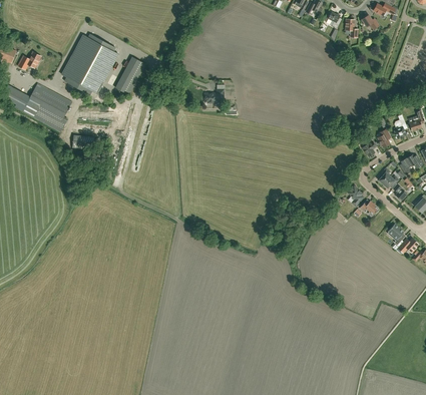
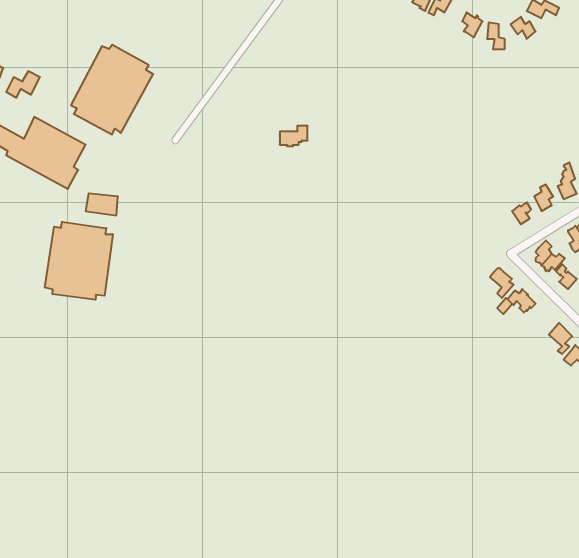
building: [115,56,146,94] -> none
building: none -> [45,222,113,300]

